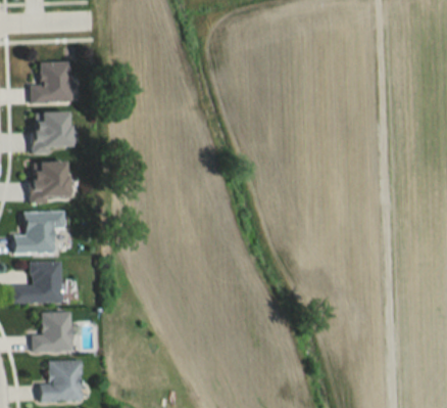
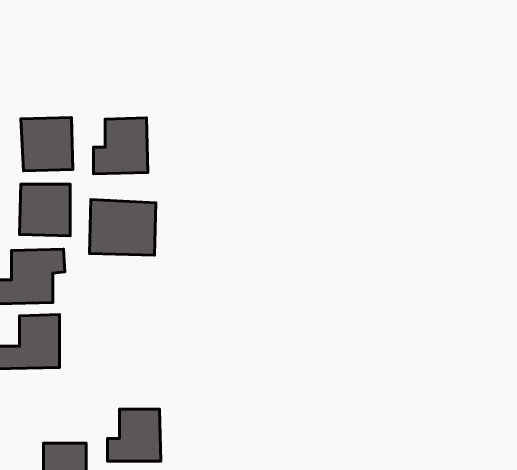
building: [30,60,71,103] -> [93,118,148,174]
building: none -> [90,200,156,255]
building: [32,312,72,352] -> [108,409,161,461]

